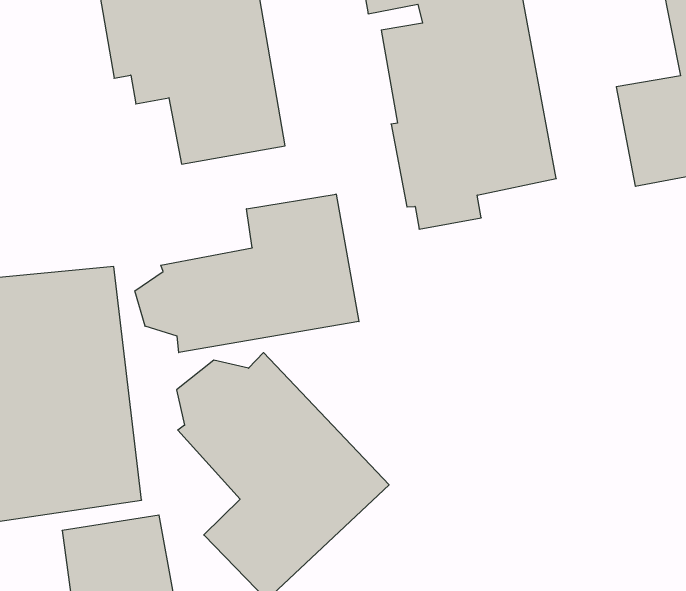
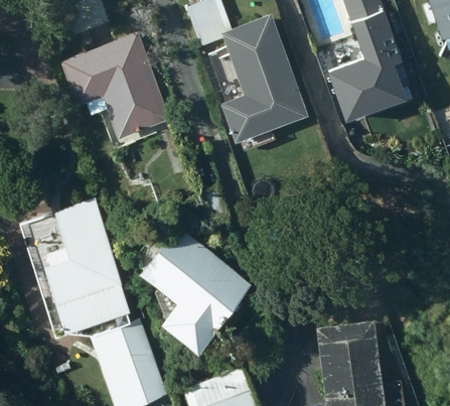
building: [135,194,359,353] -> none

